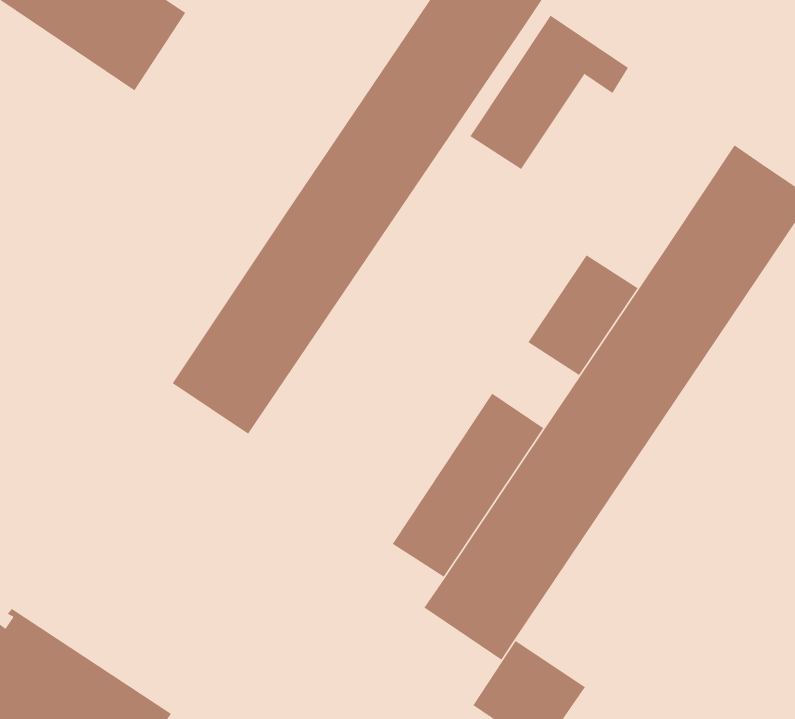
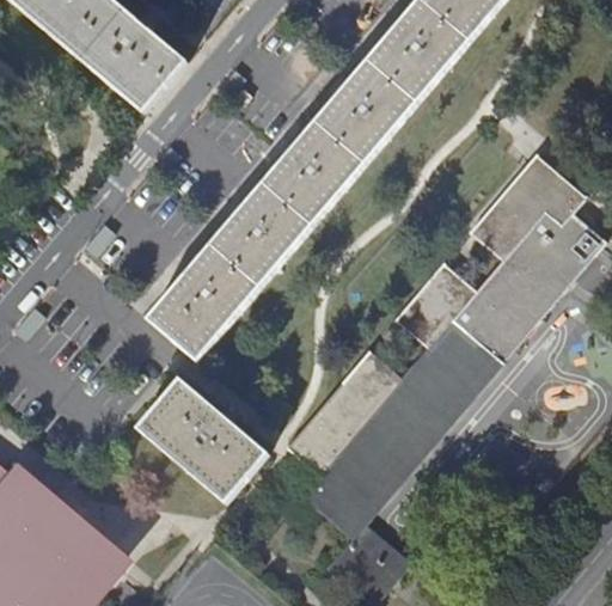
building: [469,15,629,170] -> [470,154,586,259]
building: none -> [136,379,268,504]

